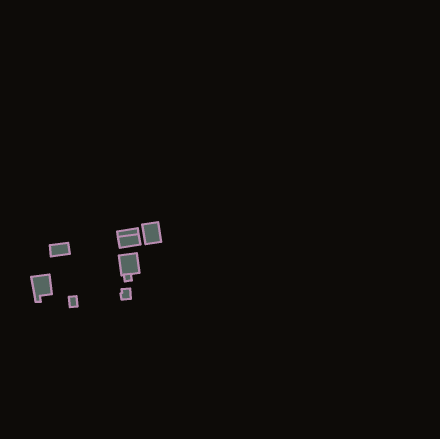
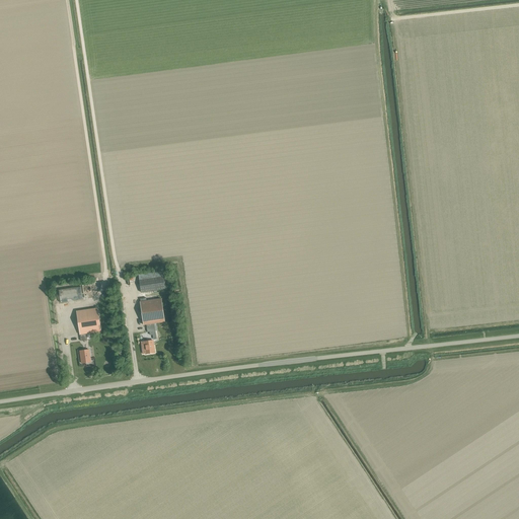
building: [142,222,161,244] -> none
building: [31,274,52,302] -> [76,307,100,340]

